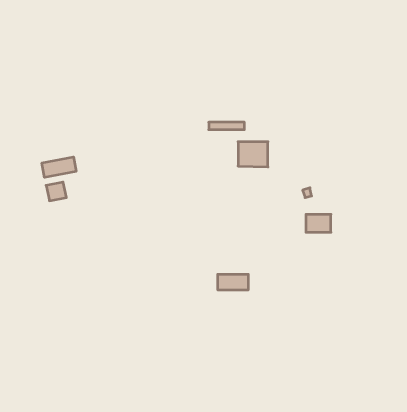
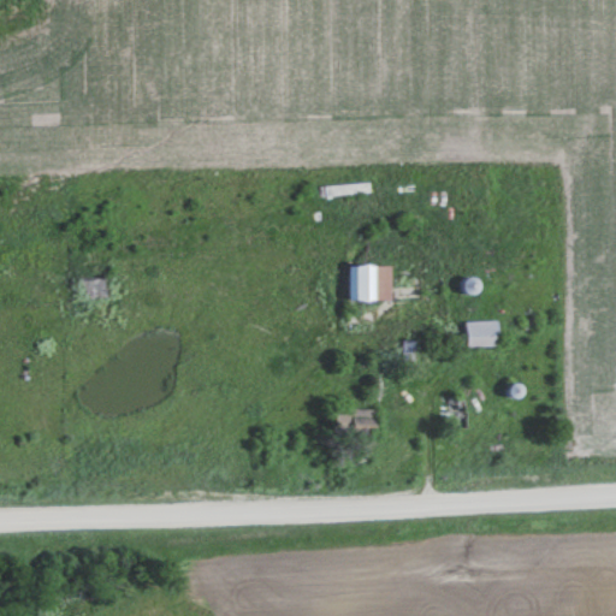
building: [238,142,268,167] -> [349,265,393,302]
building: [42,157,76,177] -> none

